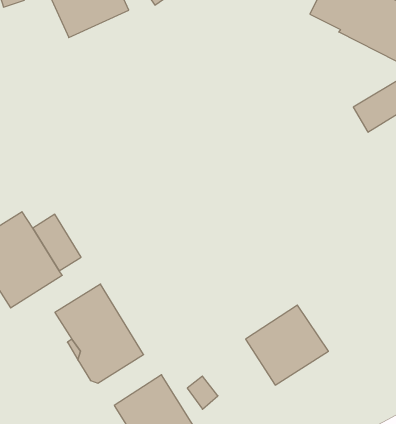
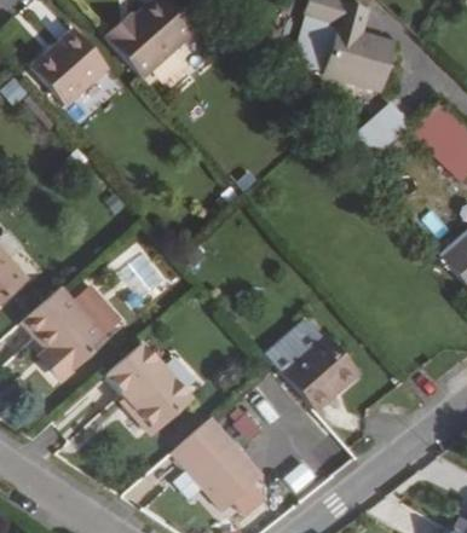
building: none -> [263,313,323,371]

